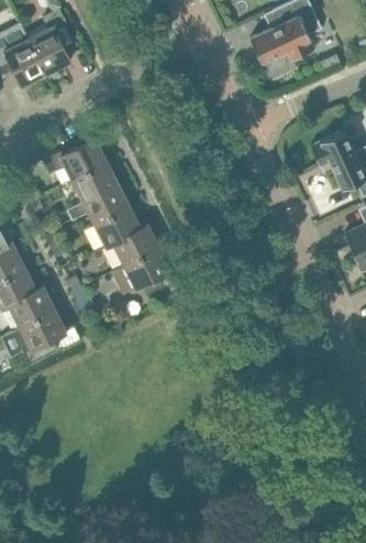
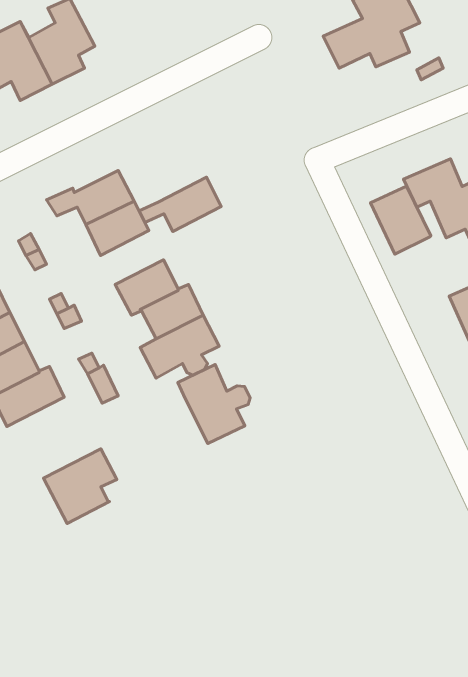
building: none -> [370,186,431,254]
building: [68,184,130,225] -> [139,177,221,231]
building: none -> [178,365,250,444]
building: [12,309,67,365] -> [44,449,117,523]

